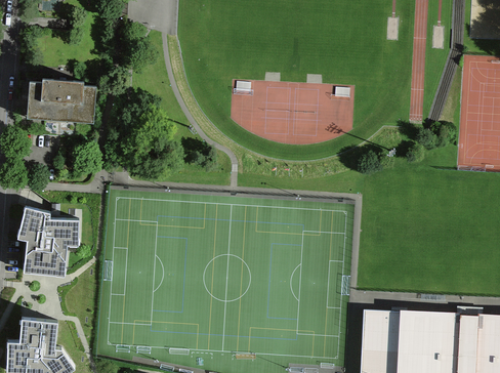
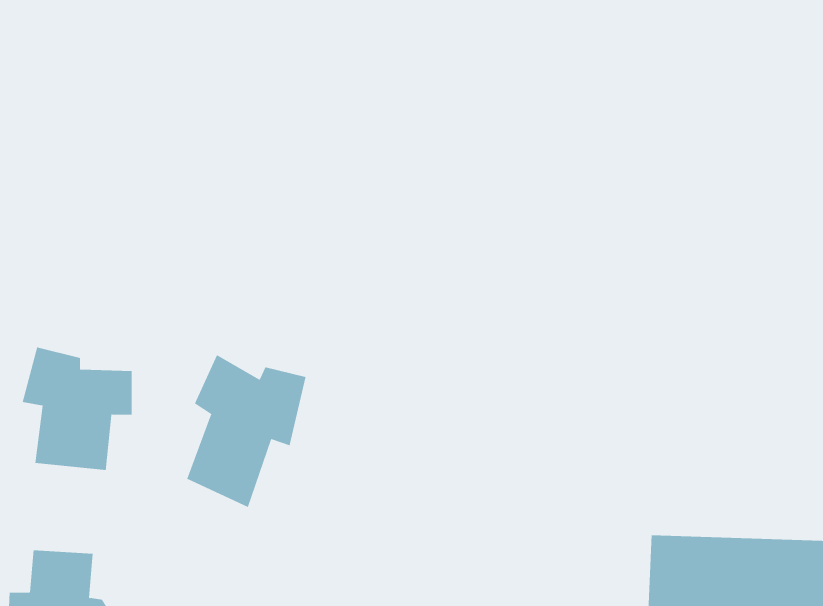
building: [28,81,95,124] -> none
building: none -> [187,354,306,508]

